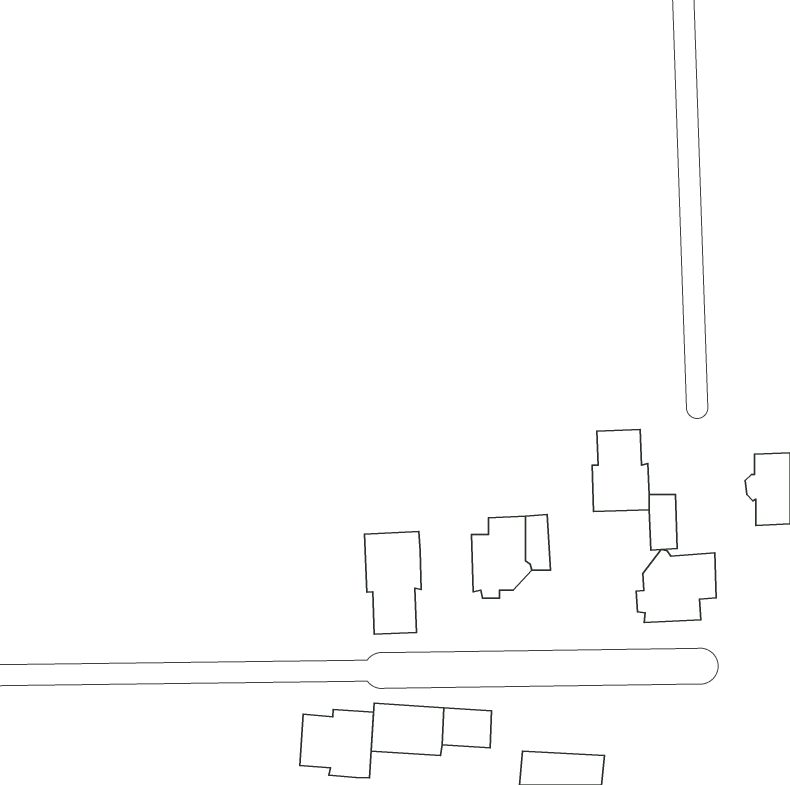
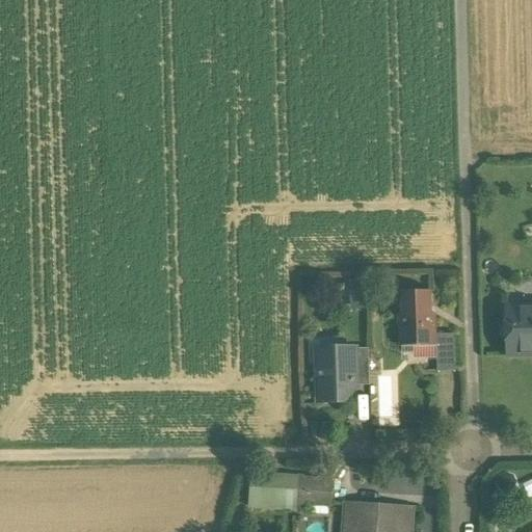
building: [364,532,421,634] -> none
building: [636,550,716,622] -> none
building: [300,709,373,778] -> none

